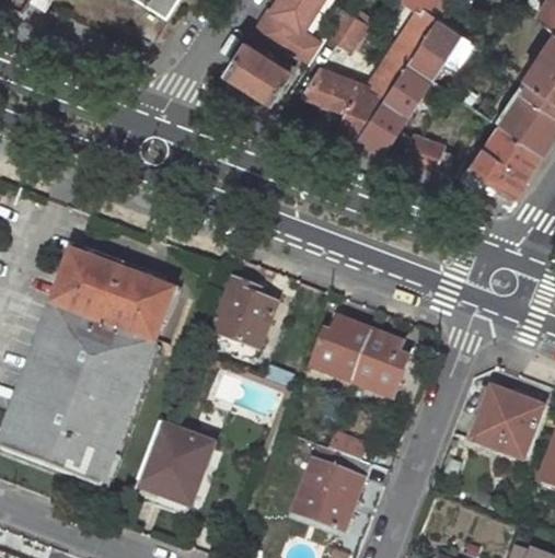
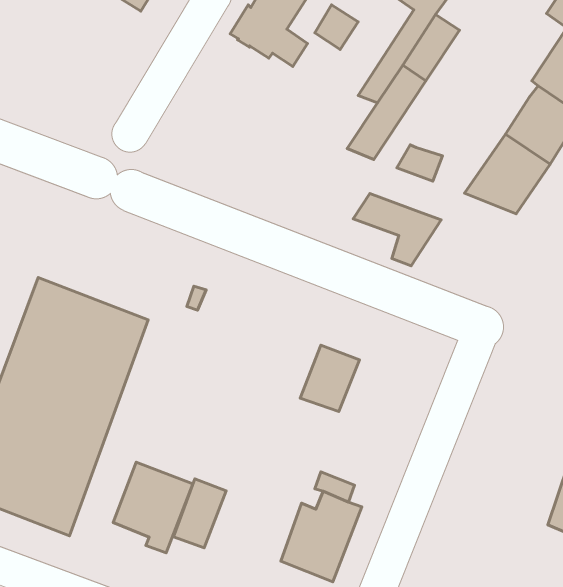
building: [227,37,290,96] -> none
building: [304,70,384,136] -> [353,193,441,266]
building: [212,278,277,354] -> none
building: [348,327,411,395] -> none
building: [471,388,544,460] -> none
building: none -> [173,479,226,548]

